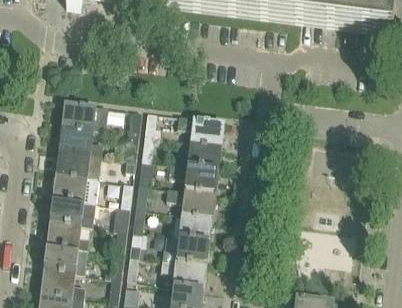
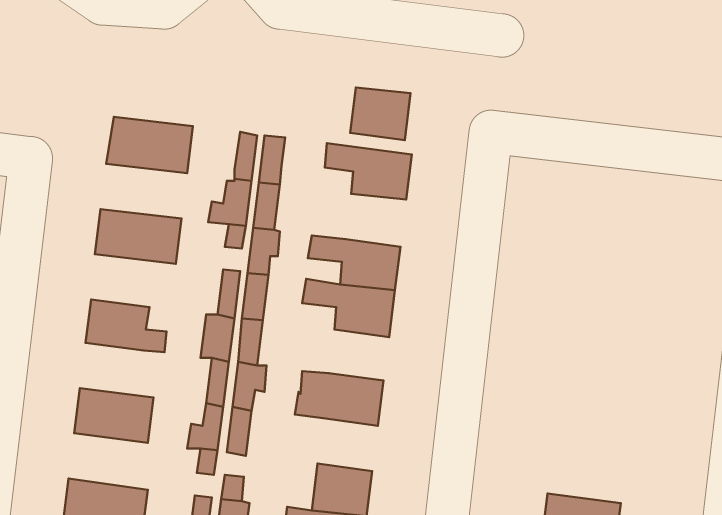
building: [59,118,105,147] -> none
building: [189,134,221,162] -> [350,87,411,140]
building: [54,166,99,195] -> none
building: [180,206,212,233] -> none
building: [48,213,88,242] -> none
building: [161,251,206,281] -> none
building: [42,261,85,291] -> none

